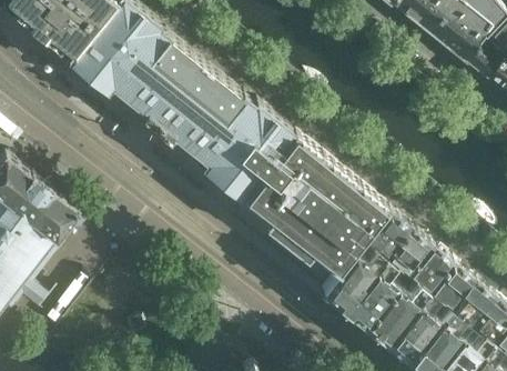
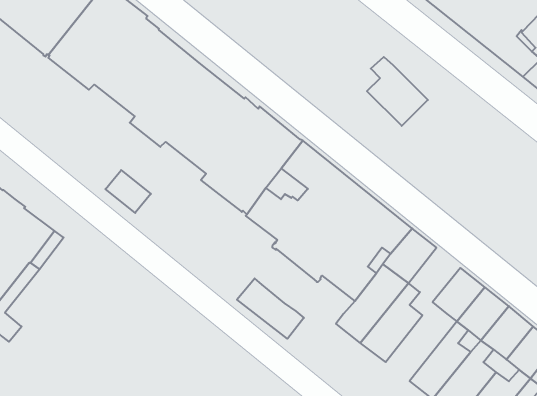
building: none -> [367,57,428,126]
building: none -> [105,170,151,213]
building: [384,225,429,273] -> none
building: none -> [237,278,304,339]
building: [364,282,426,342] -> none

